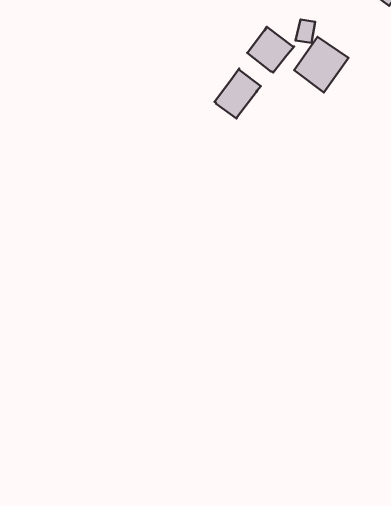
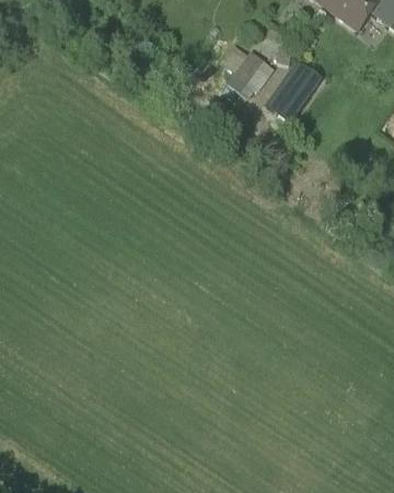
building: [215,68,261,118] -> none

